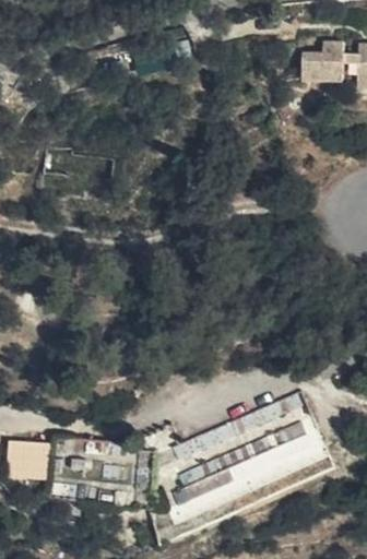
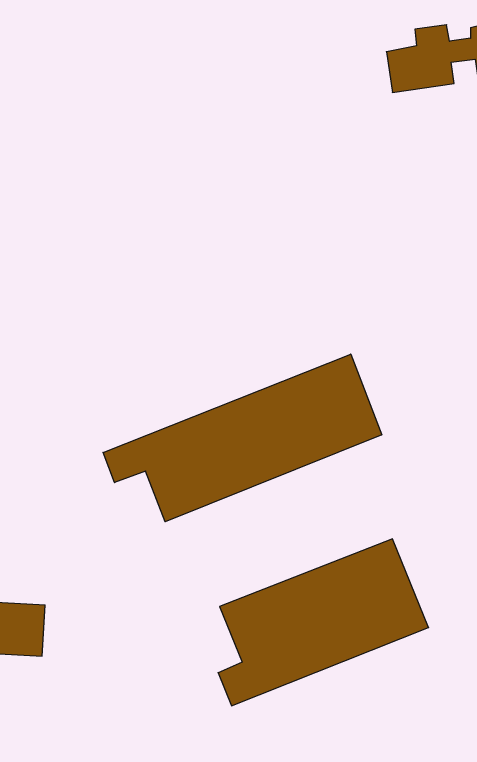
building: none -> [103,354,382,522]

